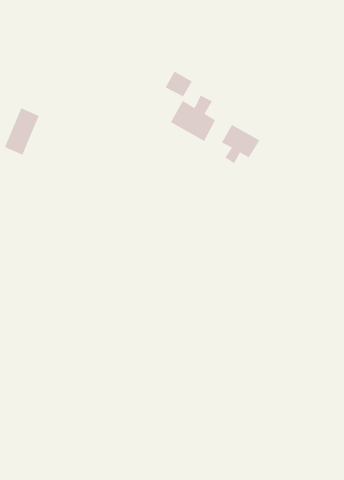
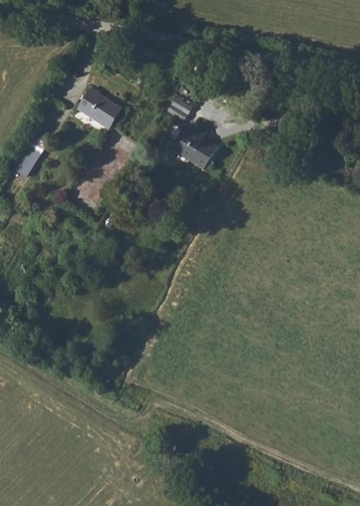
building: none -> [76,88,119,128]
building: [221,124,260,164] -> none

